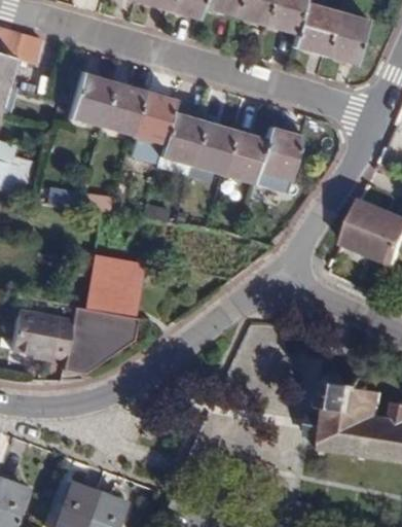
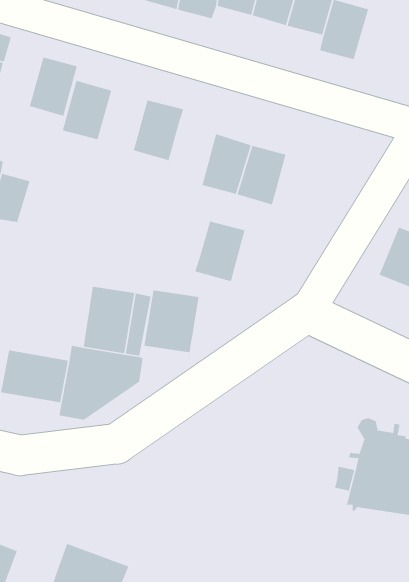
building: [323,9,367,63] -> none
building: [97,81,140,135] -> [29,56,78,117]
building: [155,111,200,166] -> [194,221,245,282]
building: [254,127,299,181] -> none
building: none -> [143,289,200,353]

